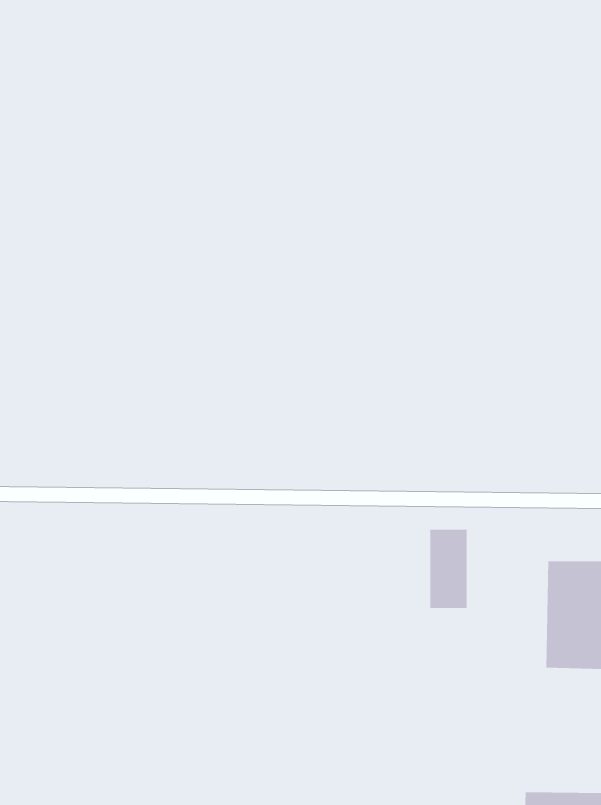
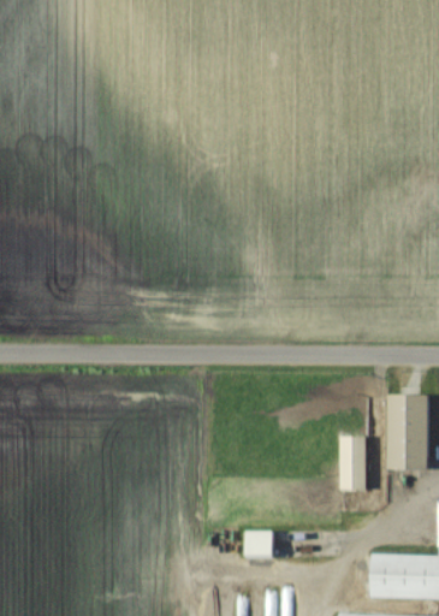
building: [430,529,467,608] -> [339,436,366,491]
building: none -> [245,531,272,558]

